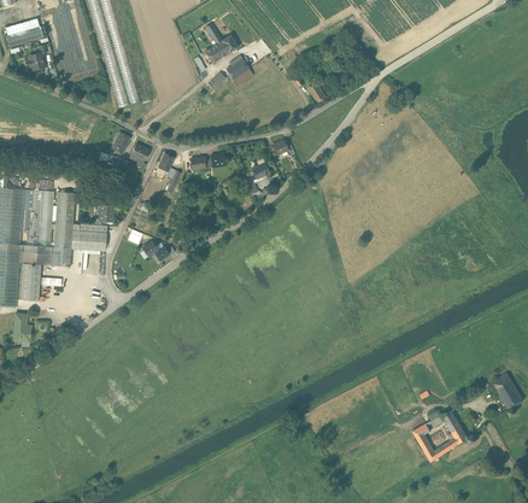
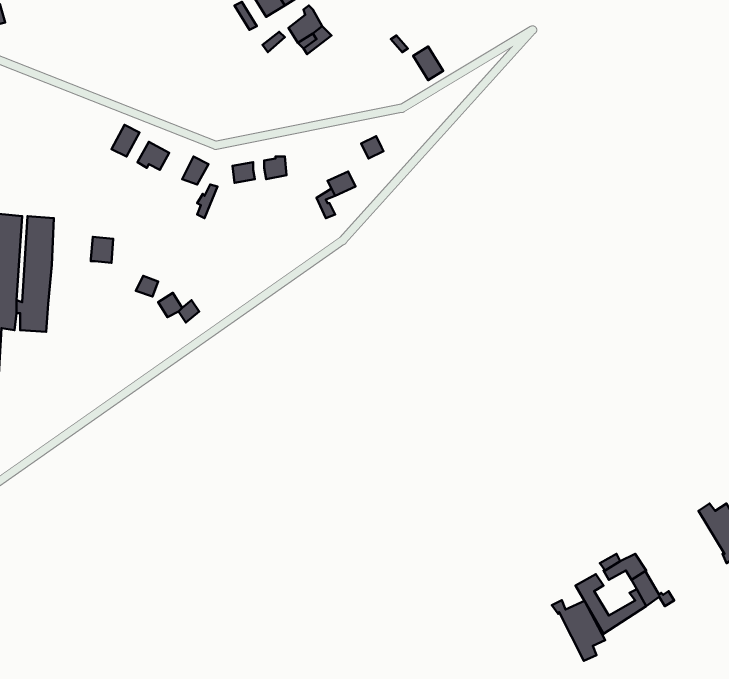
building: [71,222,107,253] -> none
building: none -> [552,600,605,661]

